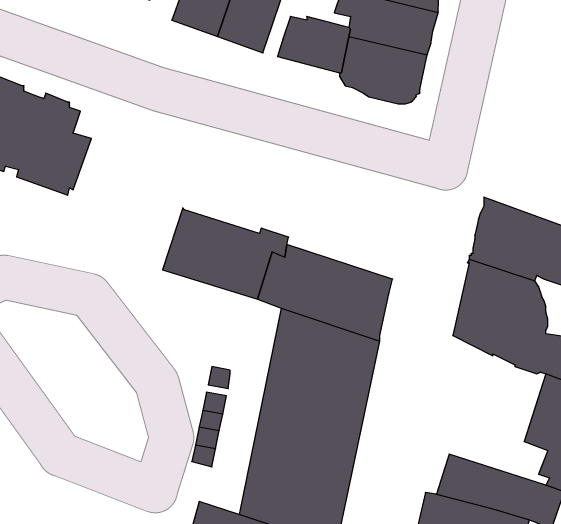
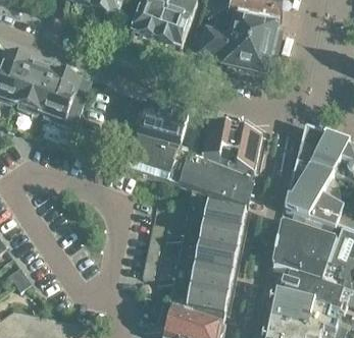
building: none -> [138,104,189,148]
building: none -> [195,119,262,173]
building: none -> [273,220,342,288]

